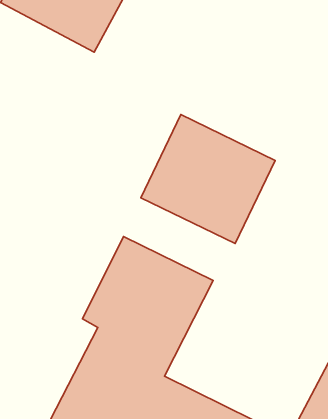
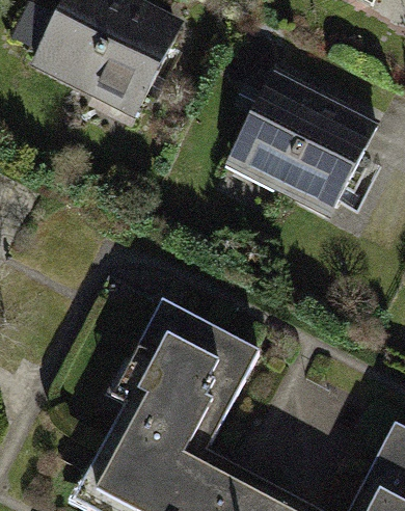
building: [141,115,275,244] -> [230,75,376,215]

